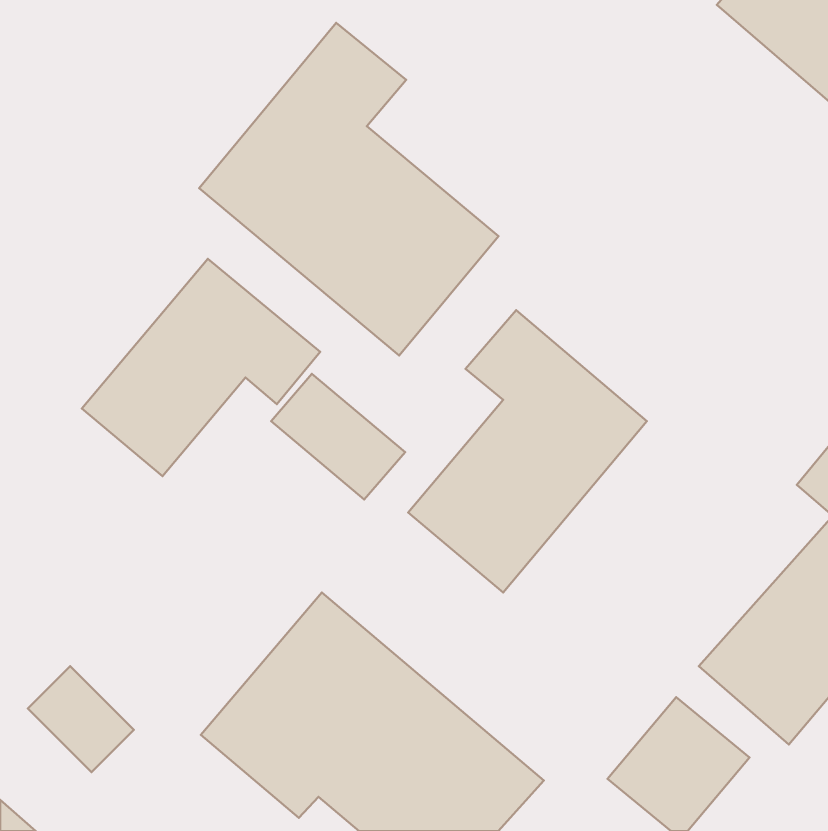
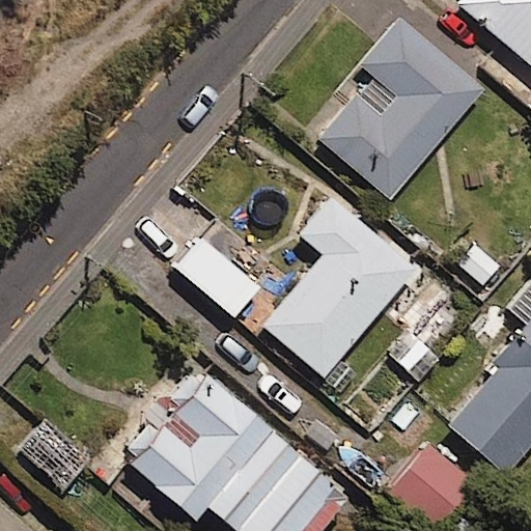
building: [199,23,498,356] -> none
building: none -> [319,18,483,198]
building: [82,259,320,476] -> none

